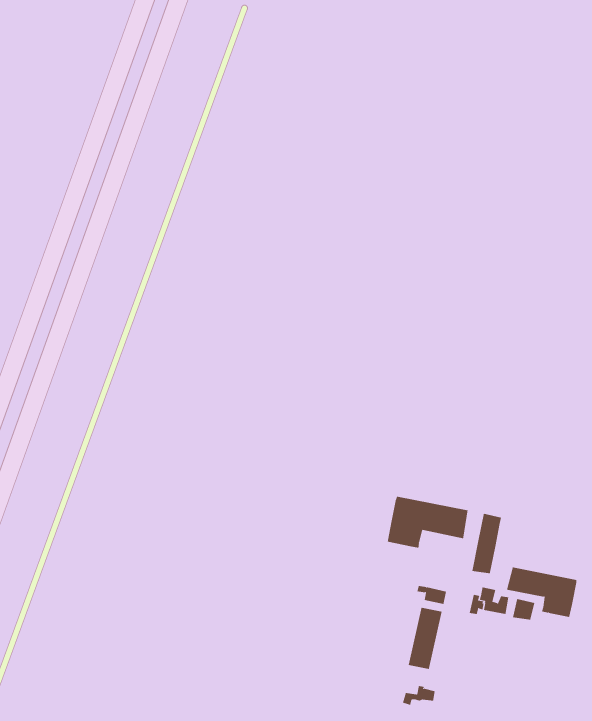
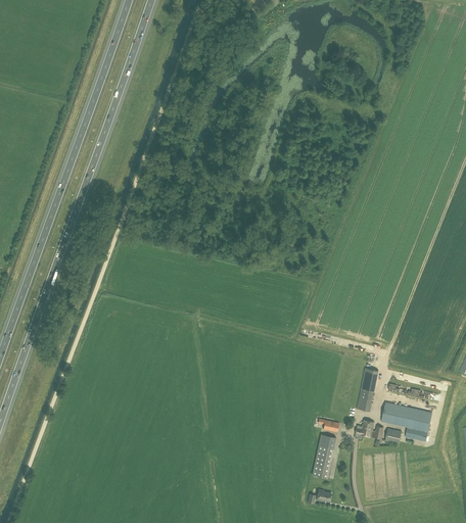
building: [387,496,468,549] -> none

